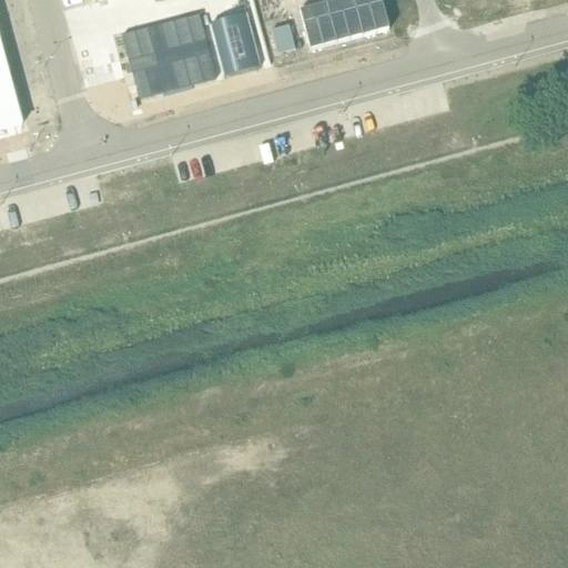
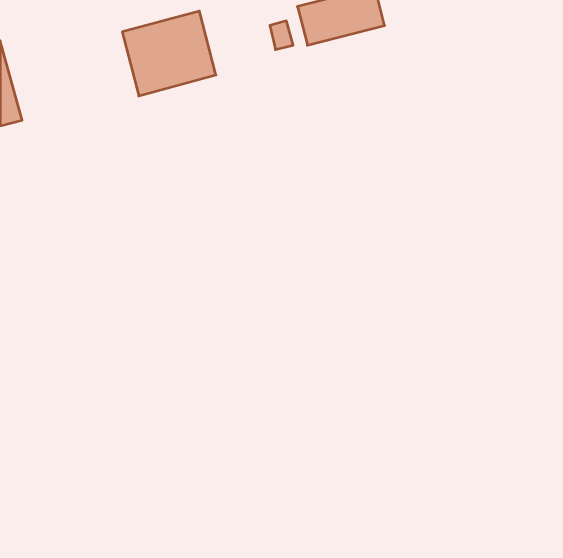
building: [211,10,260,73] -> none

